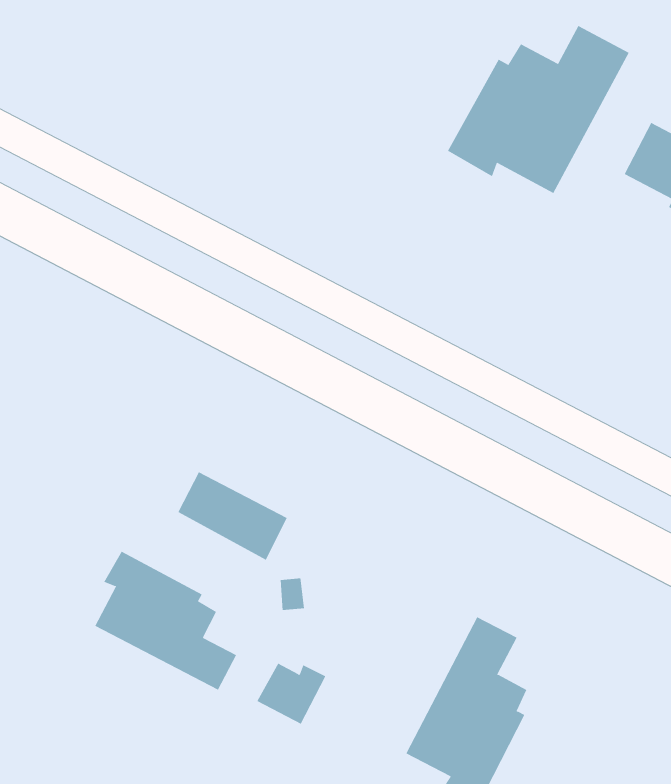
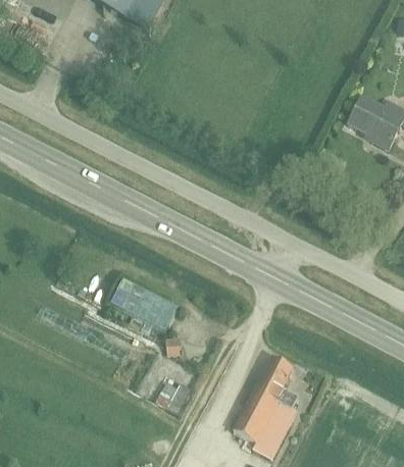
building: [447,25,629,194] -> none
building: [95,551,237,691] -> none

